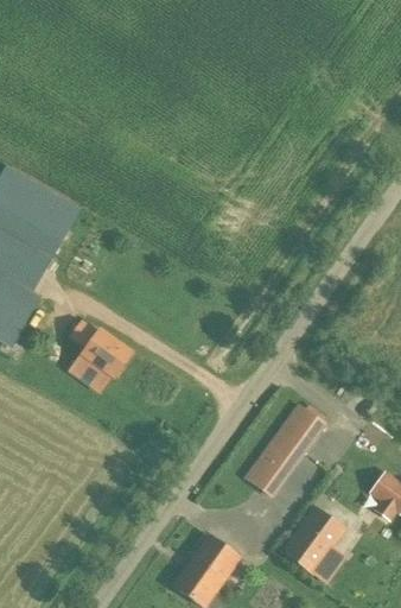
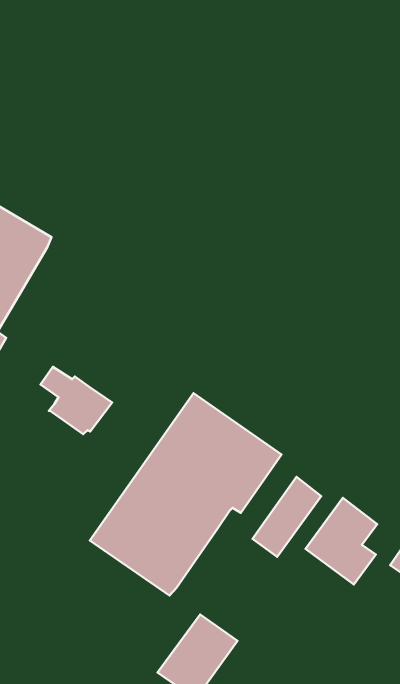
building: none -> [90,393,282,596]
building: [284,506,345,581] -> [306,498,377,585]

